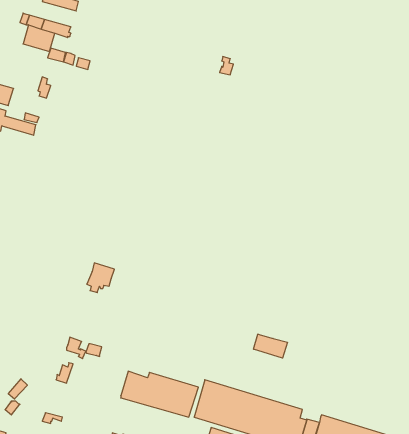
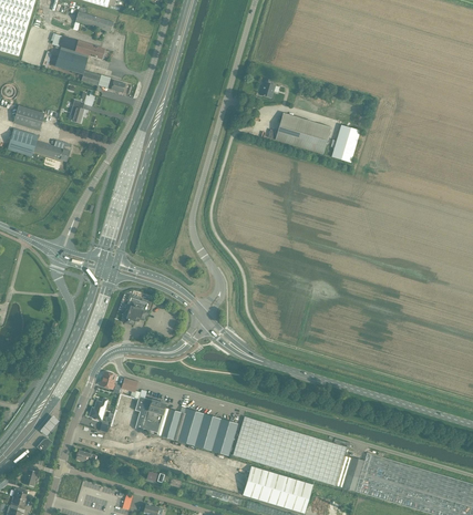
building: none -> [275,112,330,153]
building: none -> [330,124,359,162]
building: [254,334,287,358] -> none
building: none -> [134,395,165,432]

